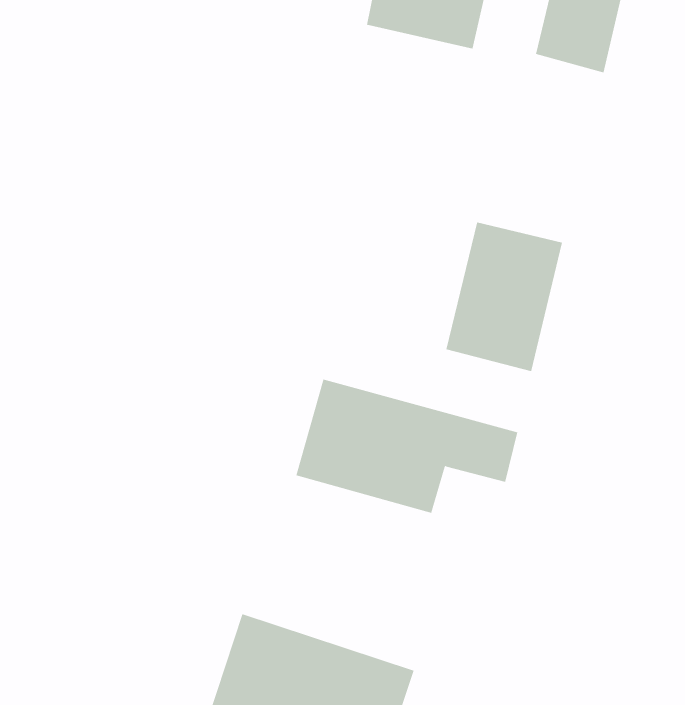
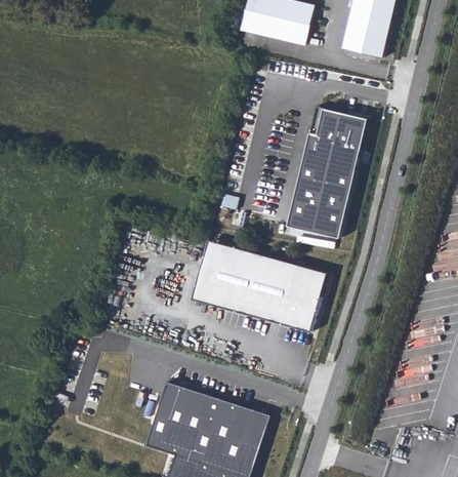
building: none -> [305,108,367,161]
building: none -> [279,294,323,332]

